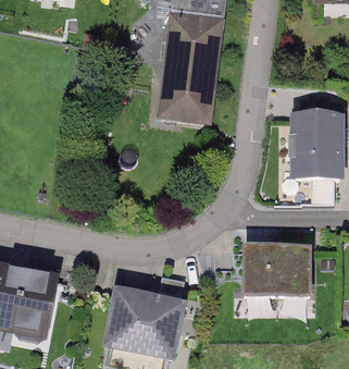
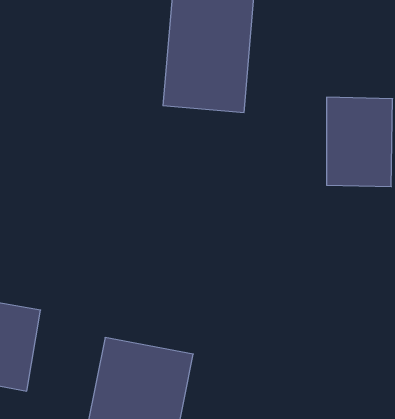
building: [238,243,310,295] -> none

